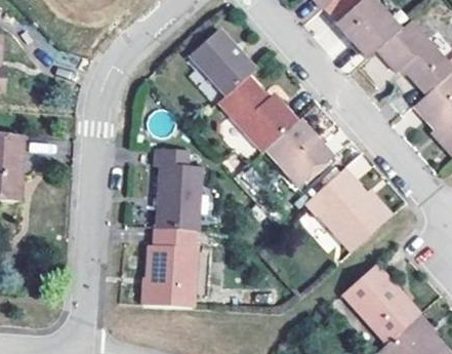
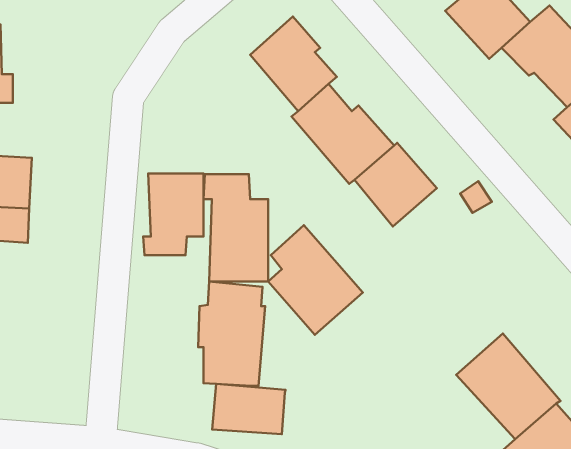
building: none -> [143,173,204,255]
building: [317,170,387,252] -> [268,225,363,335]
building: none -> [212,384,285,434]

